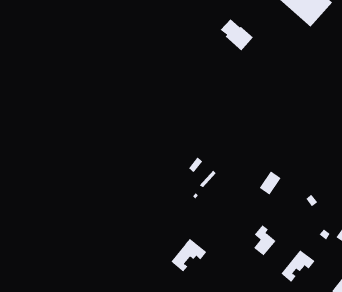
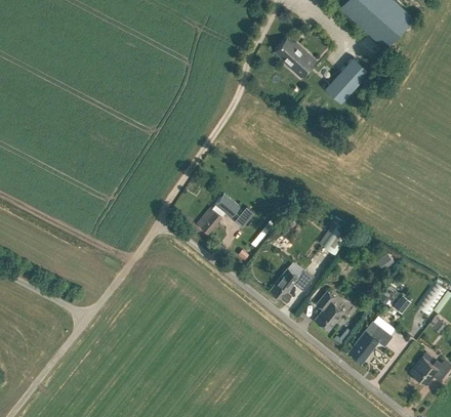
building: none -> [325,57,369,102]
building: none -> [197,194,240,234]
building: [171,238,207,272] -> [270,260,315,302]

